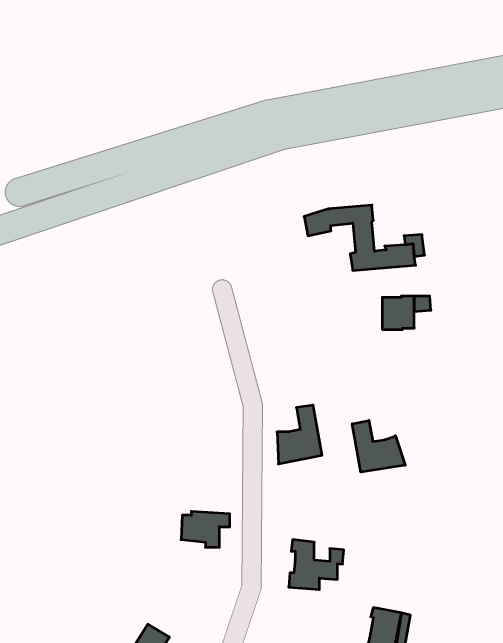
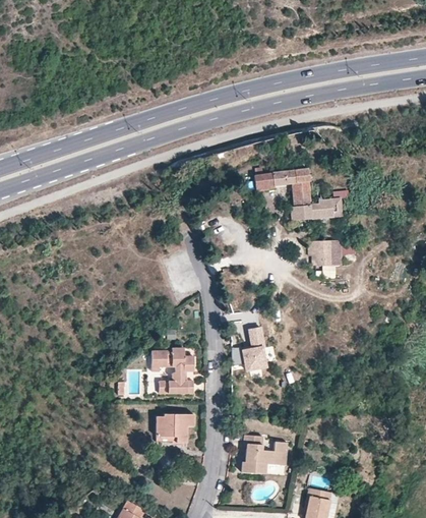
building: [352,420,405,472] -> none
building: none -> [151,347,192,392]

